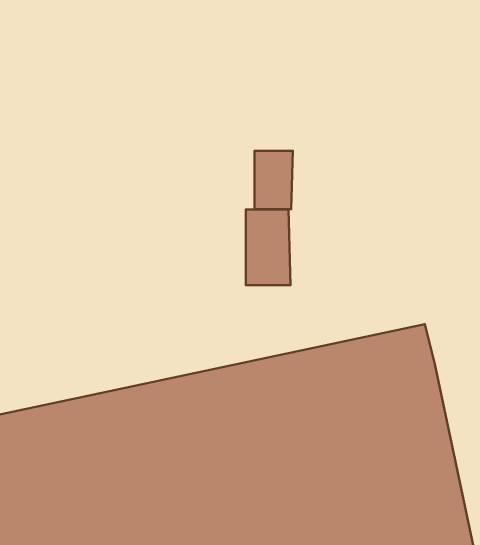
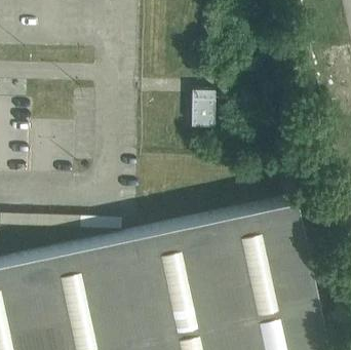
building: [246,209,291,285] -> none

